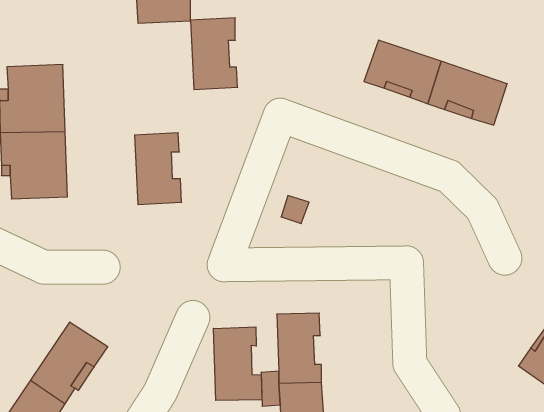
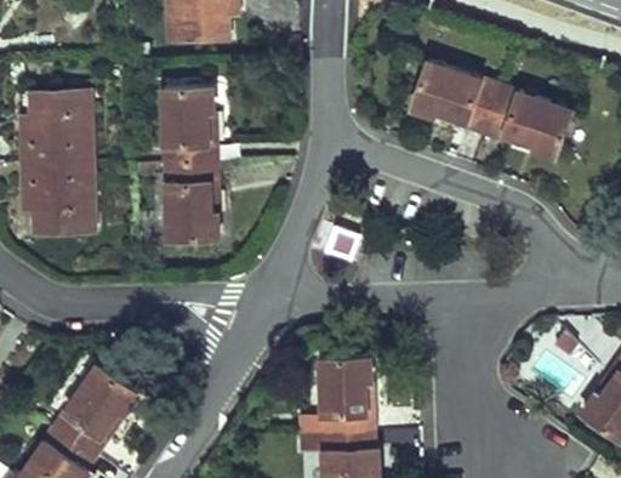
building: [191,18,238,90] -> [163,87,213,165]
building: [213,327,262,400] -> none

